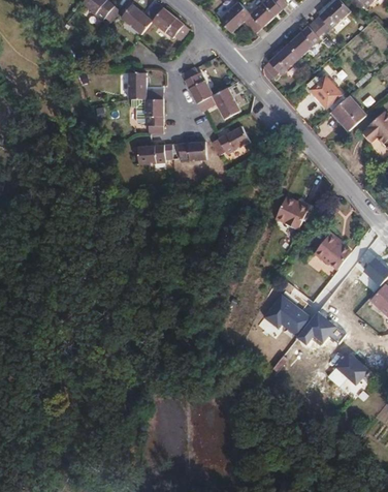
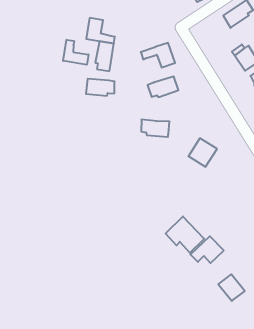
building: [262,43,299,78] -> none
building: [180,67,213,103] -> none
building: none -> [63,40,88,65]
building: [170,141,205,161] -> [141,120,170,137]
building: [313,232,350,270] -> none

